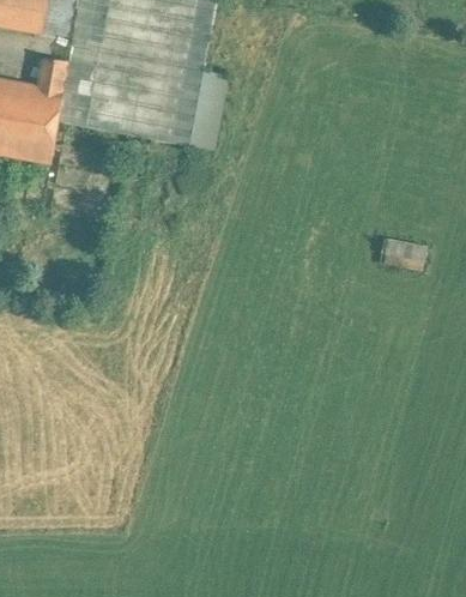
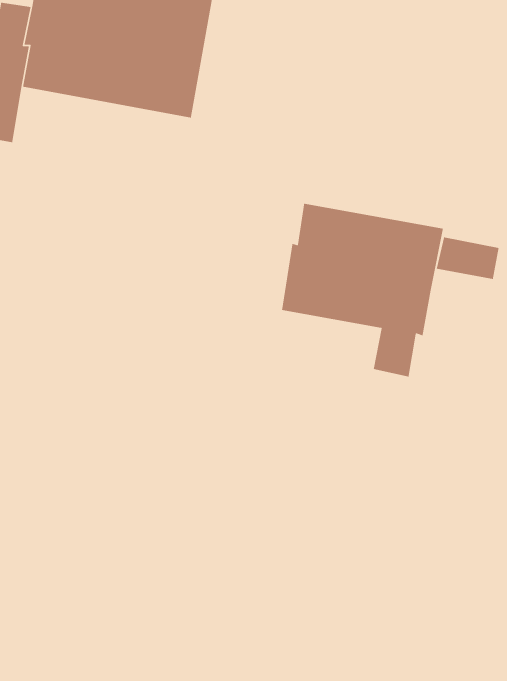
building: none -> [281,203,444,377]

